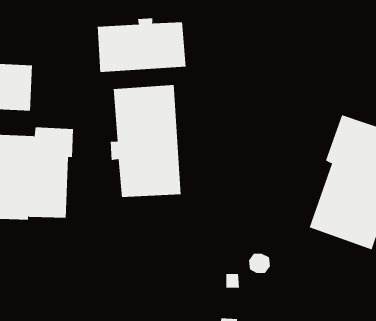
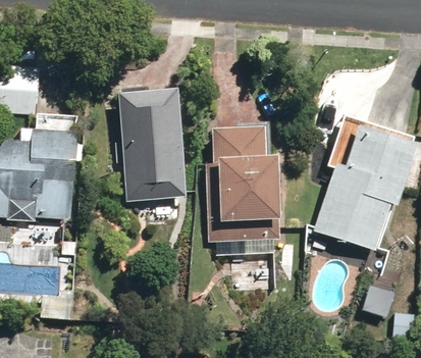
building: [97,17,186,73] -> none
building: none -> [204,125,283,253]

